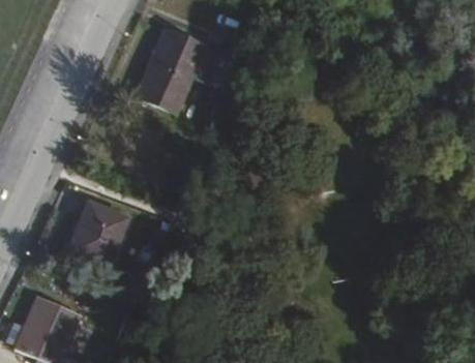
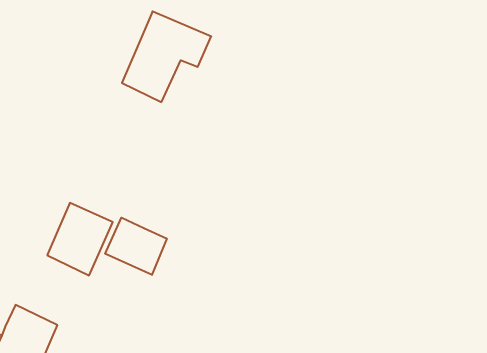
building: none -> [105,218,167,275]

